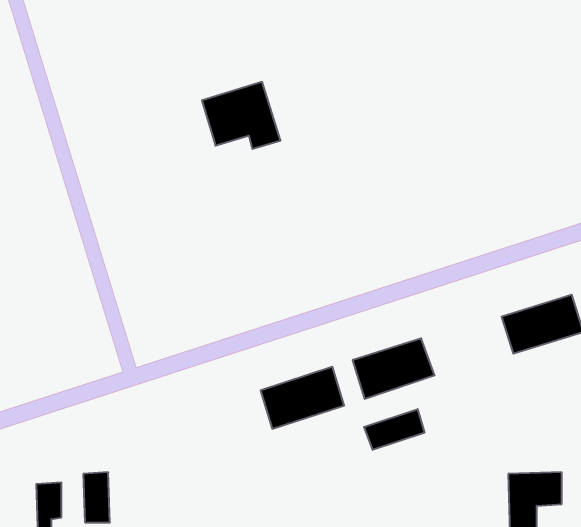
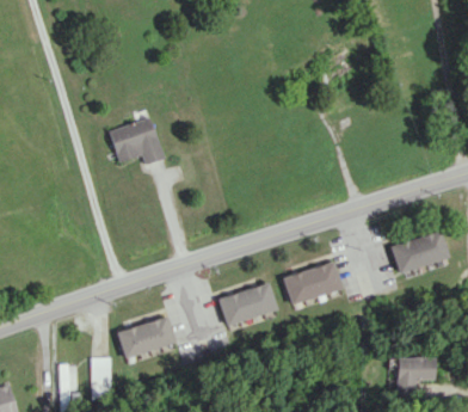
building: [202,82,281,149] -> [109,117,165,165]
building: [364,409,424,450] -> none
building: none -> [117,316,176,358]

